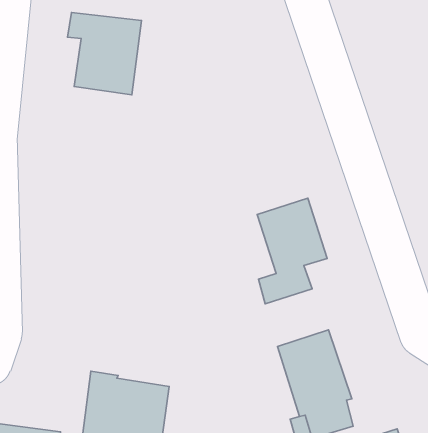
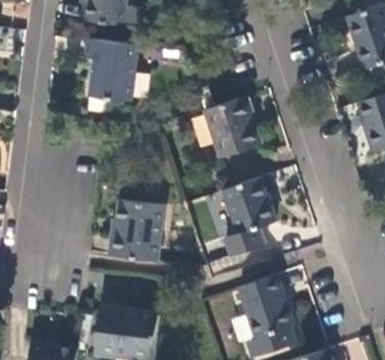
building: none -> [205,96,260,157]
building: none -> [108,197,163,260]

